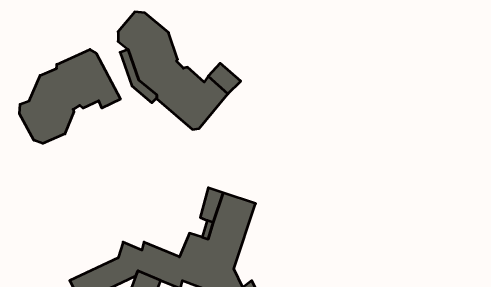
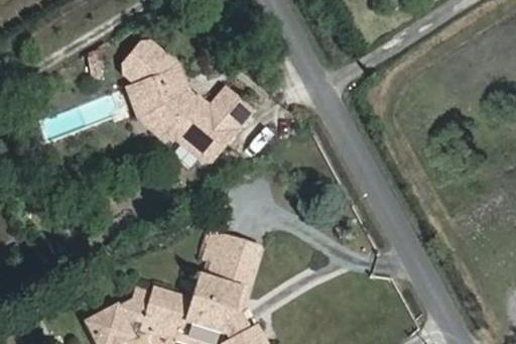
building: [20,49,120,143] -> none

